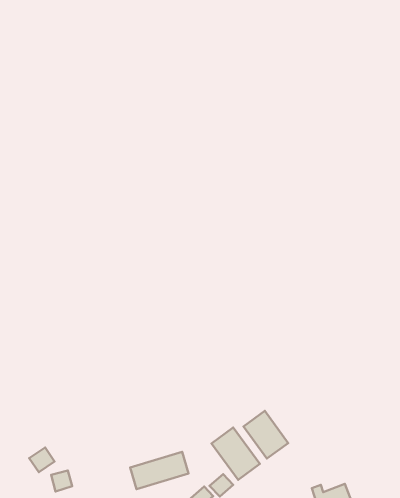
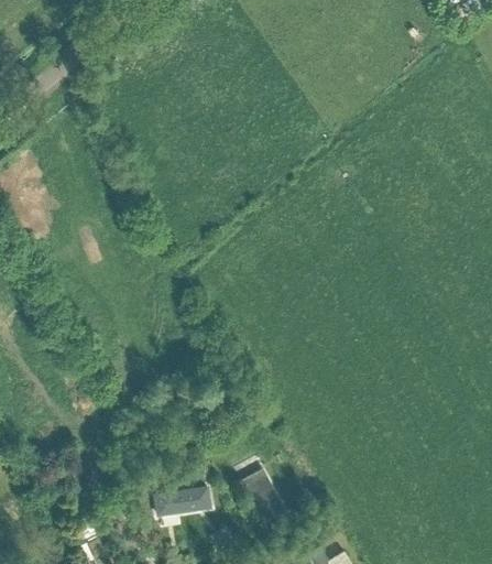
building: [243,411,288,459] -> none

